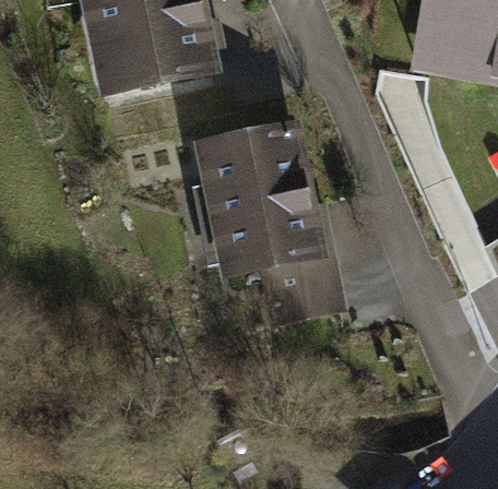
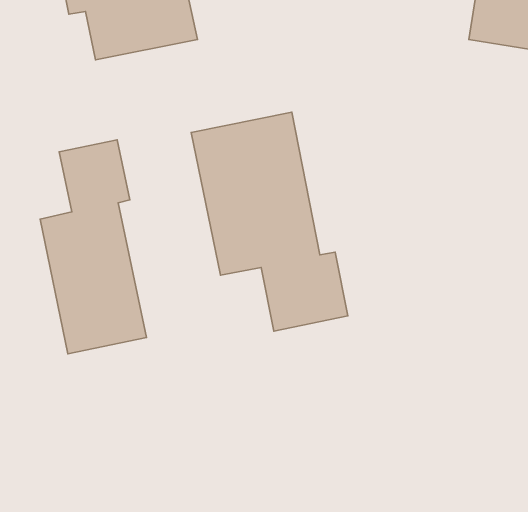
building: none -> [40,140,147,354]

